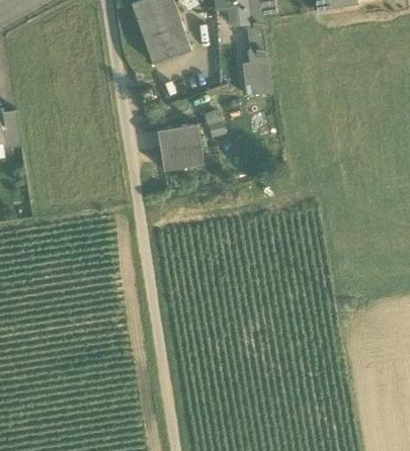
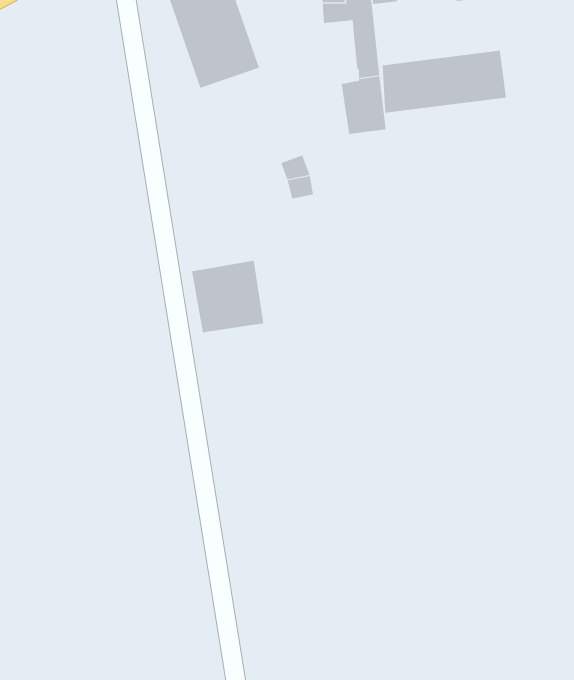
building: none -> [382,50,507,113]
building: [156,122,202,169] -> [191,260,264,333]

